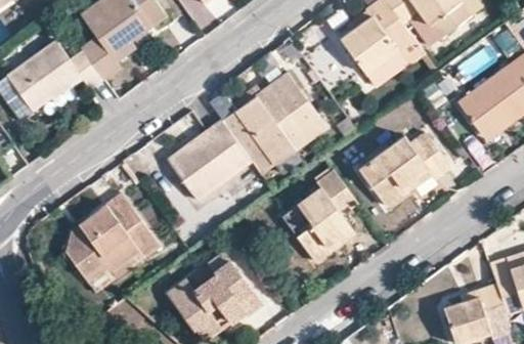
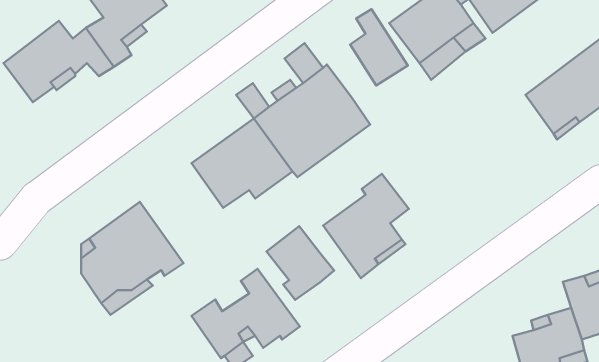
building: [359,131,448,204] -> none
building: none -> [266,226,334,300]

